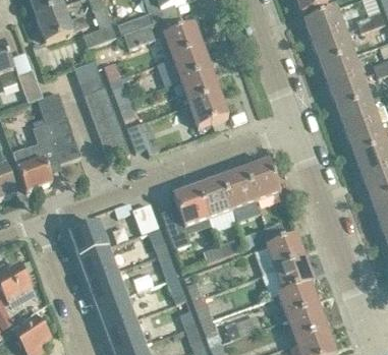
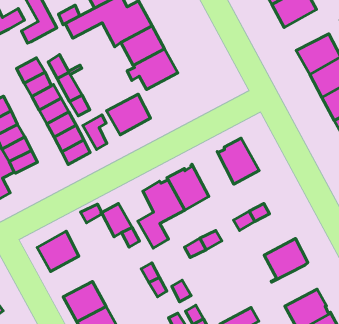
building: [322,53,362,87] -> none
building: [189,93,228,127] -> [107,94,150,135]
building: [221,169,257,209] -> none
building: [255,234,306,274] -> none
building: [79,246,116,281] -> none
building: [278,283,319,317] -> none

